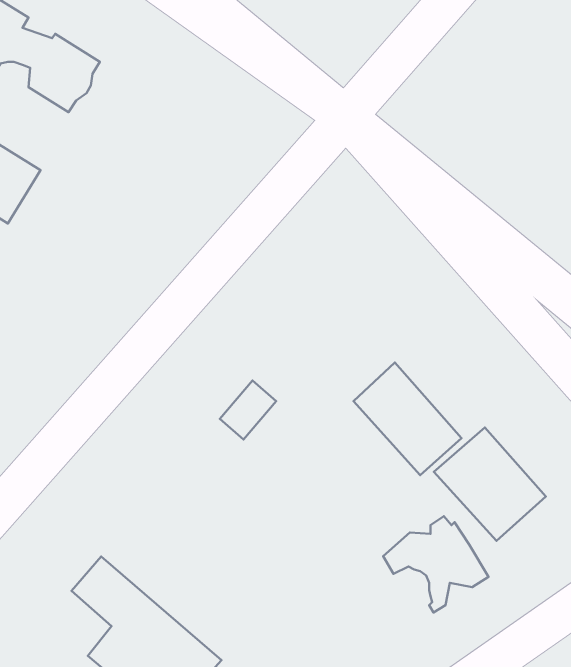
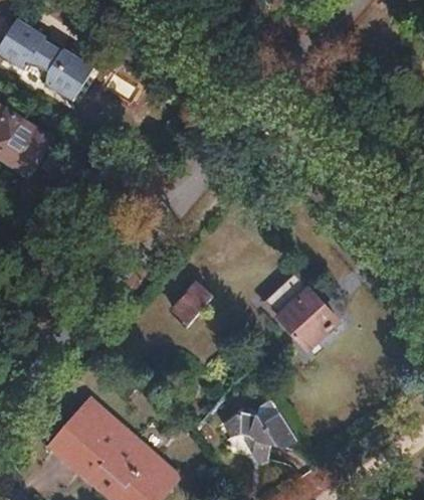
building: [434,428,546,541] -> none
building: [383,516,488,612] -> [225,398,296,464]
building: none -> [56,426,100,470]

